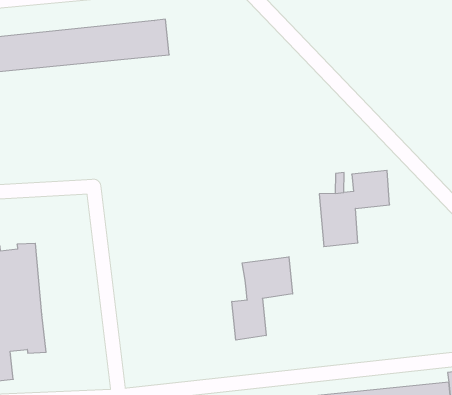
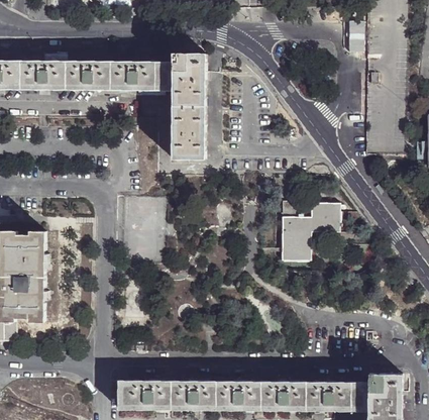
building: none -> [171,52,205,159]
building: [232,257,293,340] -> none

